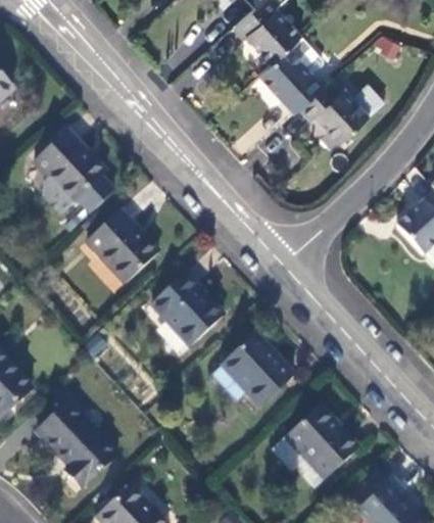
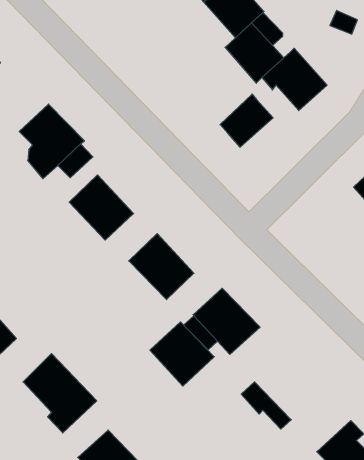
building: none -> [220,94,273,147]
building: none -> [150,322,214,386]
building: [288,407,356,475] -> none

